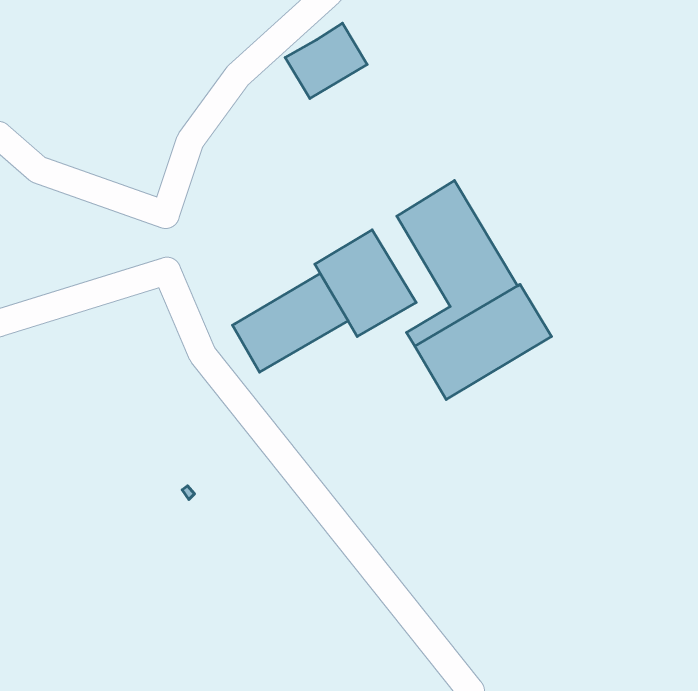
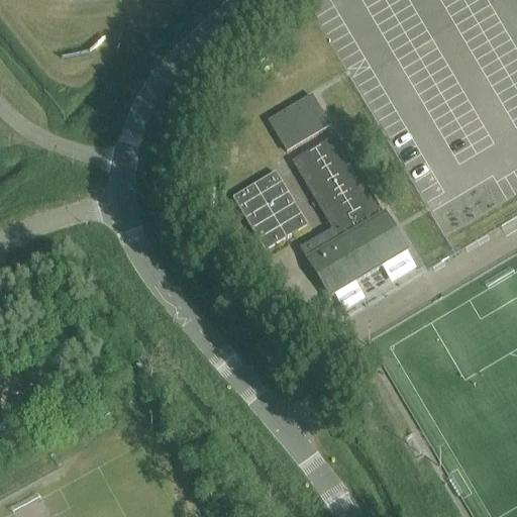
building: [285,23,367,99] -> [269,93,329,148]
building: [233,273,348,372] -> none

